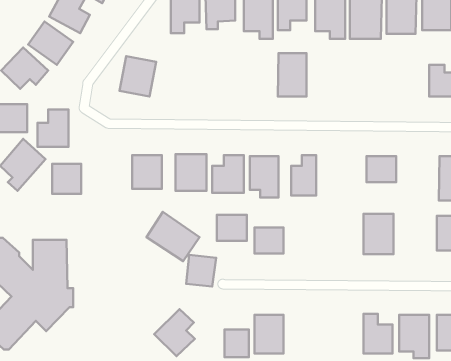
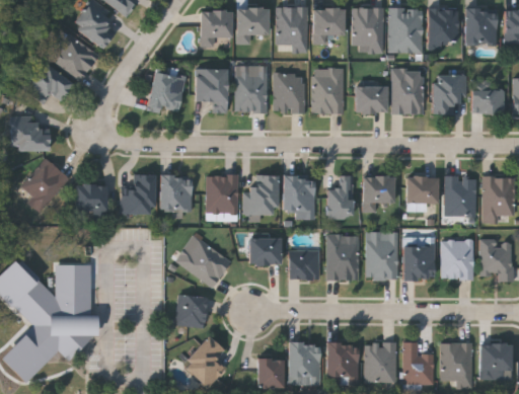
building: none -> [235,65,268,112]
building: none -> [196,68,227,113]
building: none -> [392,69,423,113]
building: none -> [274,73,305,113]
building: none -> [434,74,466,115]
building: none -> [355,86,387,113]
building: [38,109,68,147] -> [123,174,155,214]
building: none -> [362,176,394,212]
building: none -> [445,176,476,216]
building: none -> [367,232,397,279]
building: none -> [327,235,359,280]
building: none -> [442,239,473,279]
building: [186,255,216,287] -> [175,295,207,328]
building: none -> [365,342,396,383]
building: none -> [326,343,358,385]

